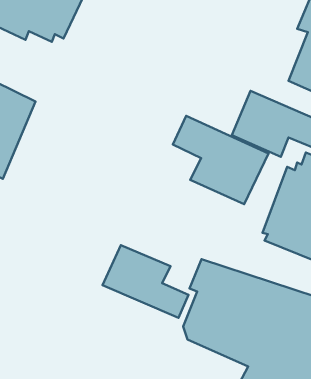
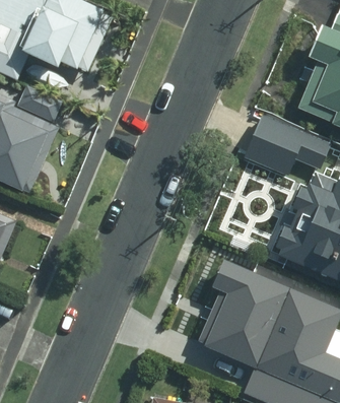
building: [173,116,268,204] -> none
building: [103,245,188,318] -> none

